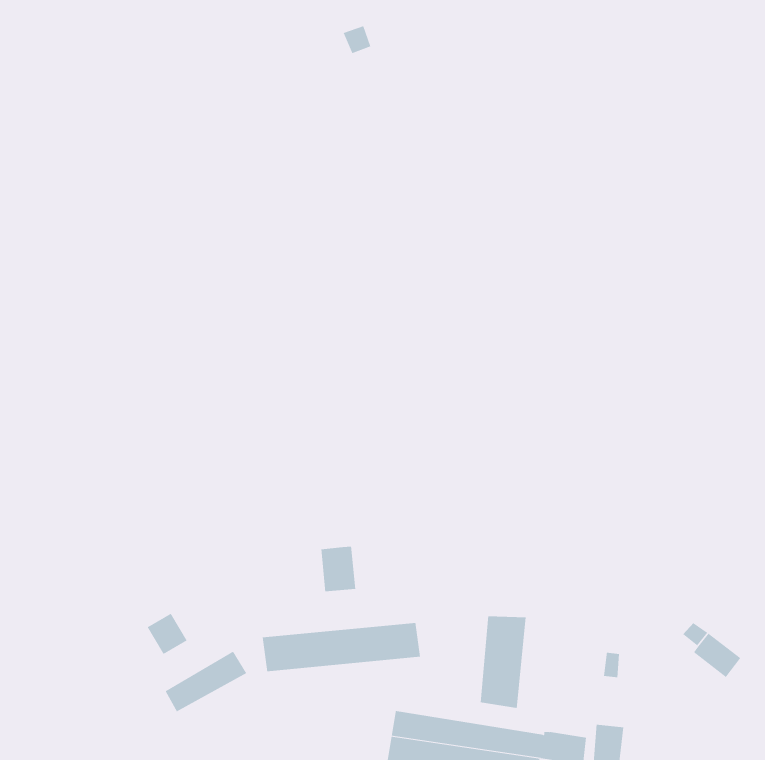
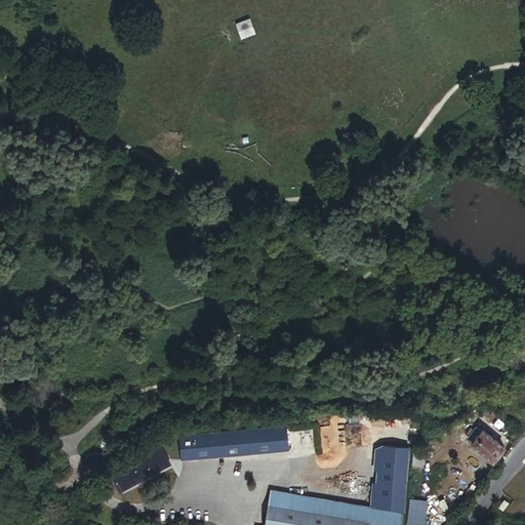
building: [321,546,356,592] -> none
building: [147,613,187,655] -> none
building: [480,616,526,708] -> [376,445,408,509]

